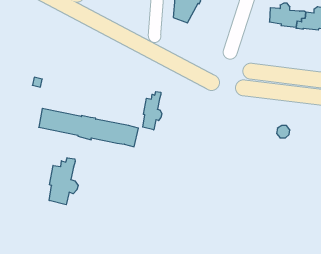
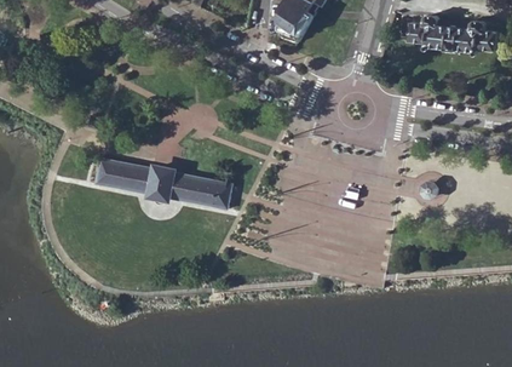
building: [143,92,162,130] -> none
building: [49,158,78,205] -> none

